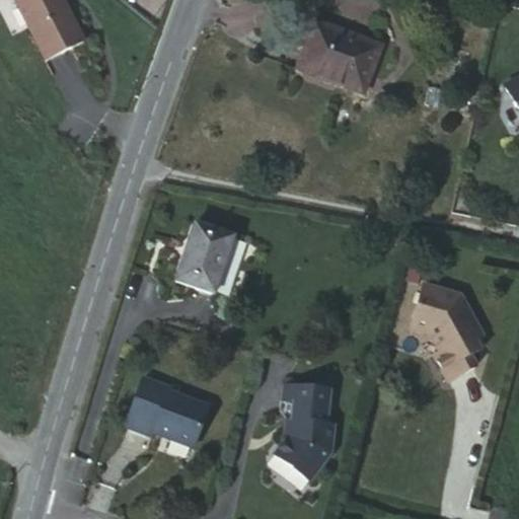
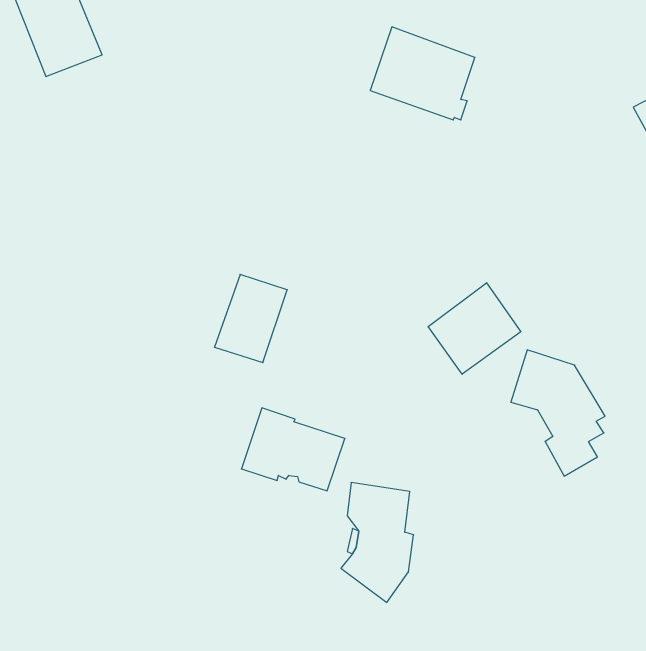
building: none -> [428,283,521,374]
building: [122,378,204,444] -> [241,408,345,491]

